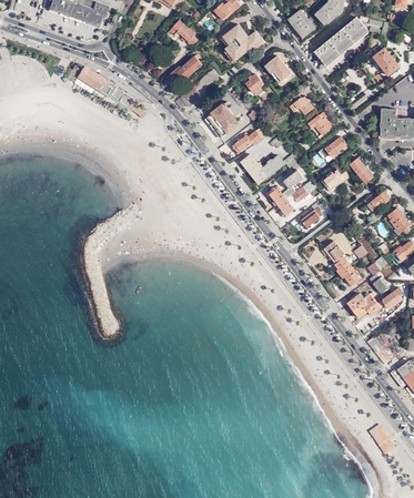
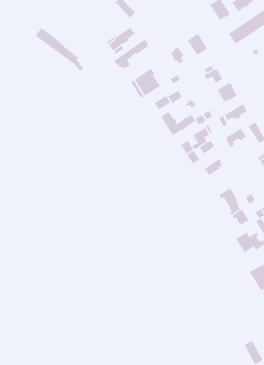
building: [220,24,264,62] -> none

